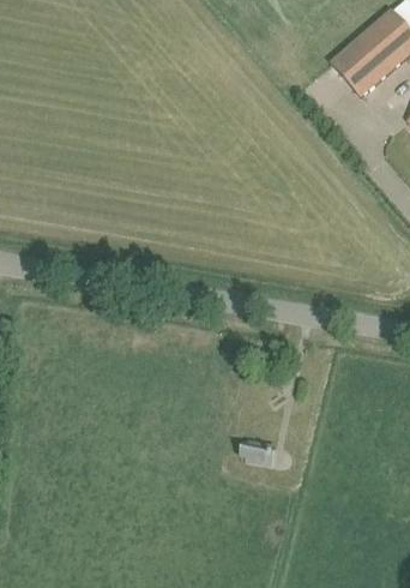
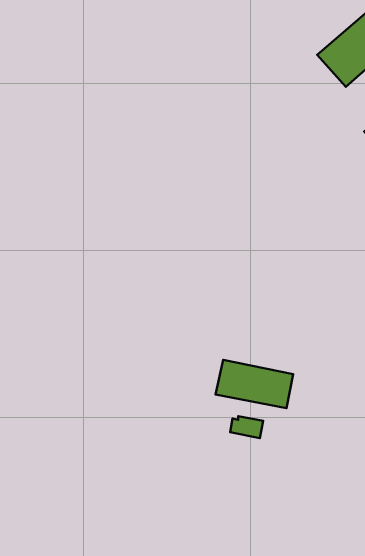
building: none -> [216,360,293,408]

